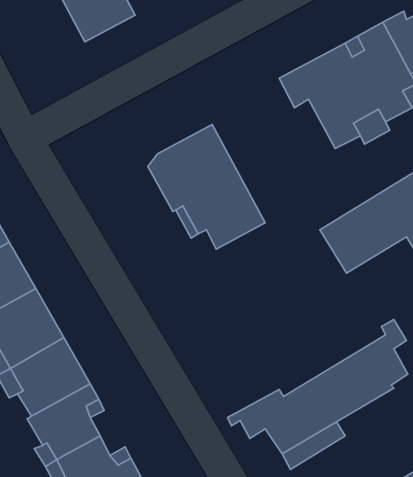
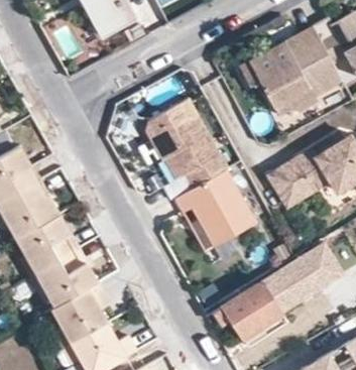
building: none -> [172,170,254,249]

